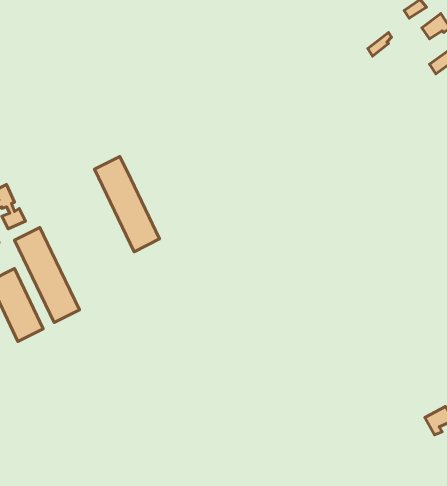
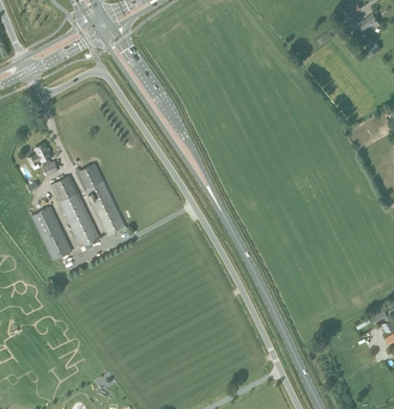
building: [95,157,159,252] -> [75,163,125,234]

